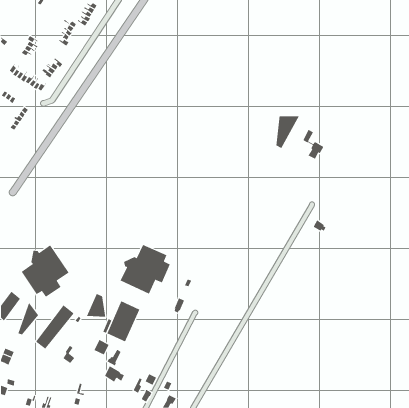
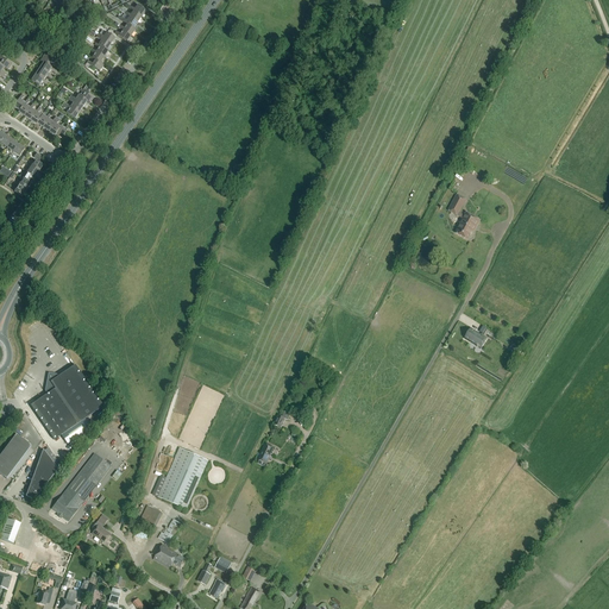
building: [276,115,300,149] -> none
building: [120,244,170,295] -> none
building: [86,293,106,317] -> none

